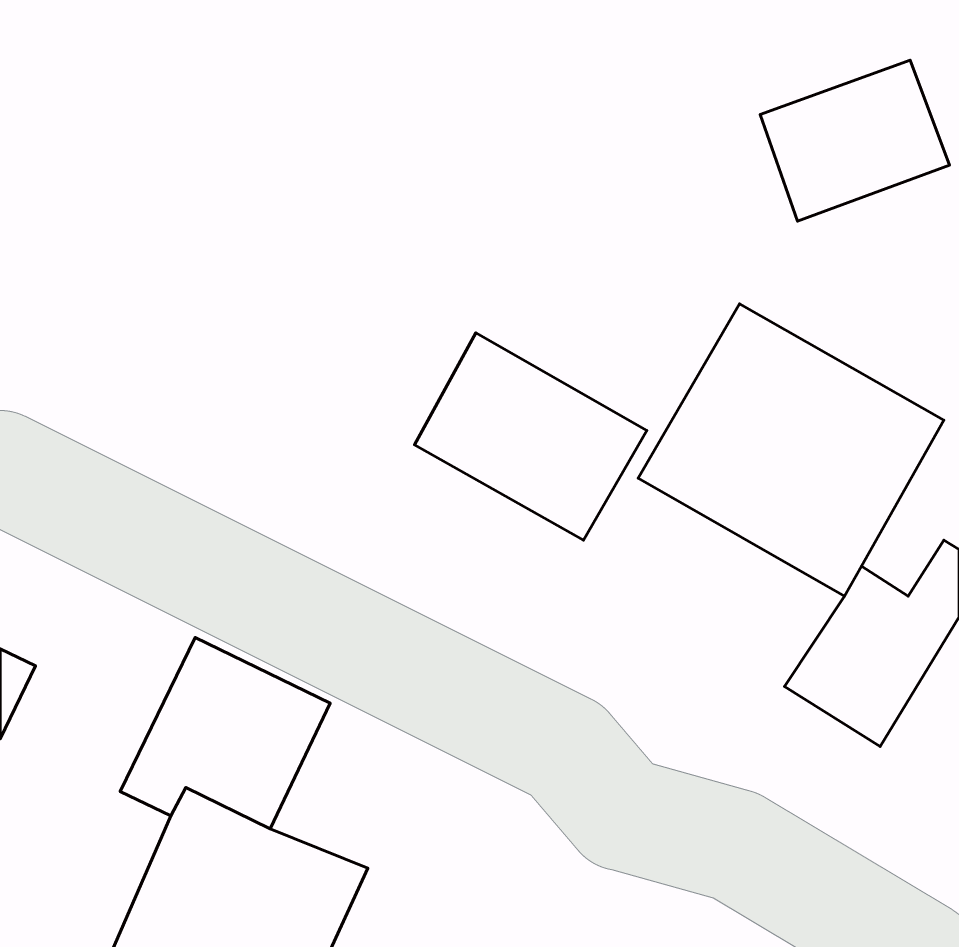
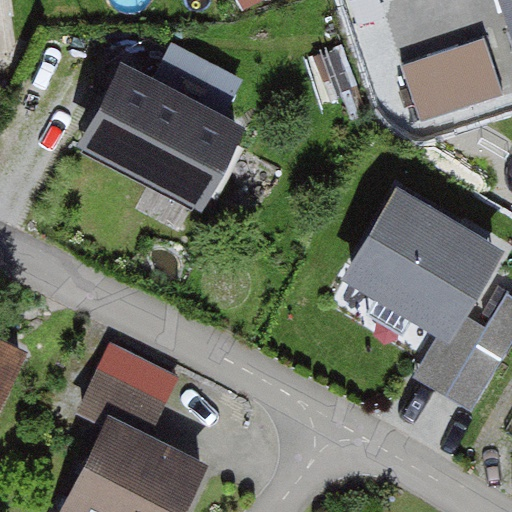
building: none -> [79,57,248,225]
building: [414,333,647,540] -> none

